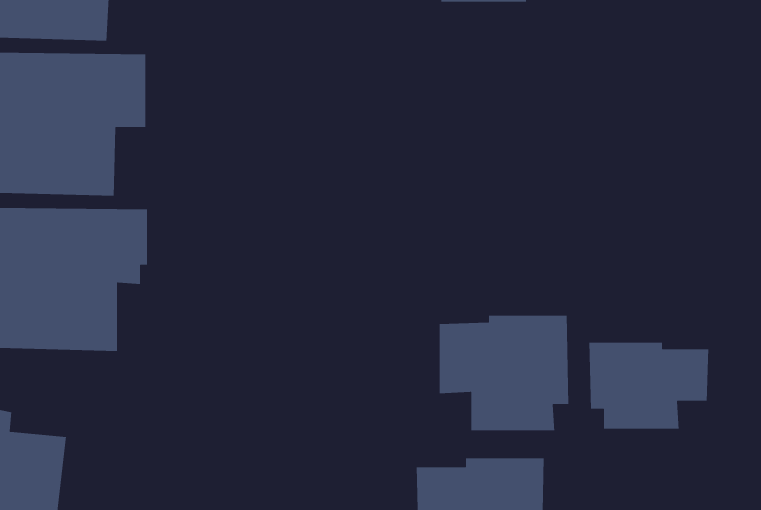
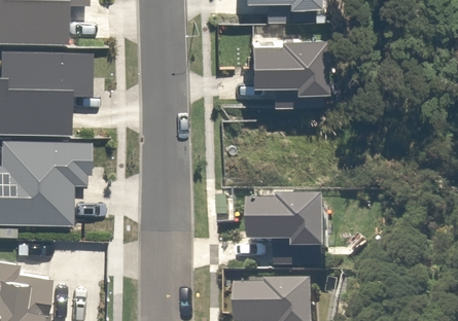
building: none -> [248,36,327,105]
building: [588,342,709,429] -> none

